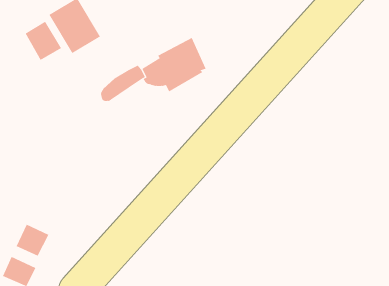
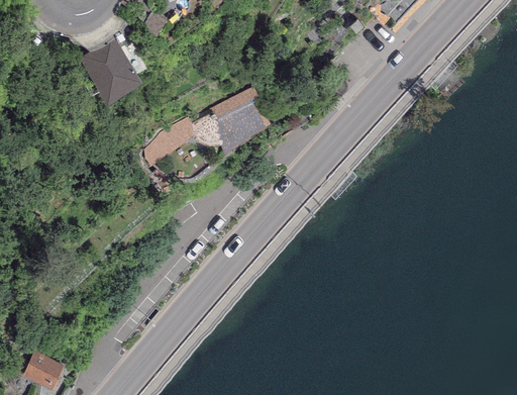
building: [25,21,62,61] -> none
building: [16,224,49,256] -> none

